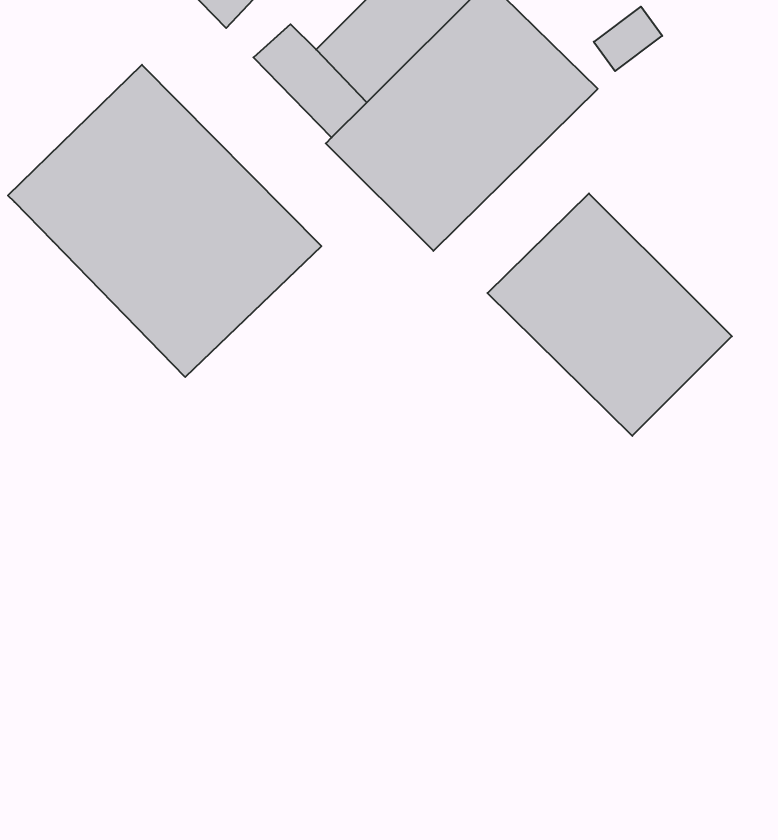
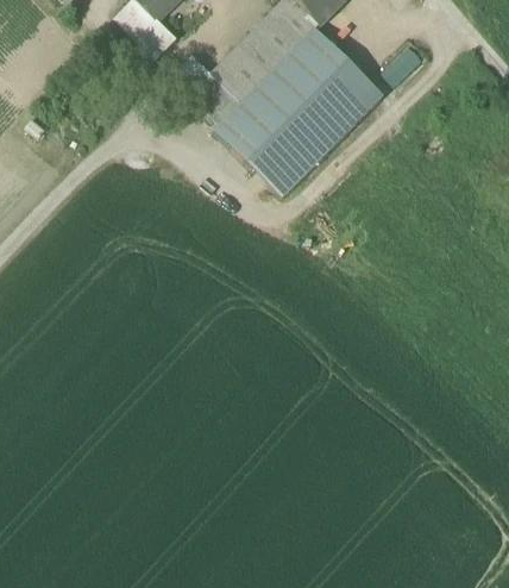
building: [8,65,321,377] -> none
building: [487,193,732,436] -> none

